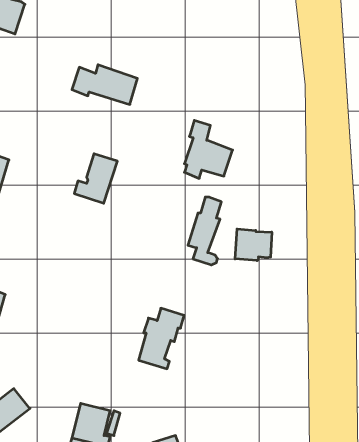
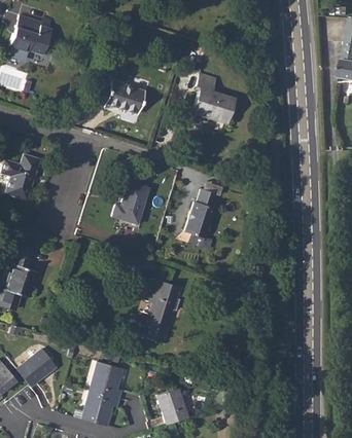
building: [184,120,233,178] -> [192,74,233,122]
building: [74,154,117,203] -> [111,182,147,223]
building: [235,229,272,261] -> none

